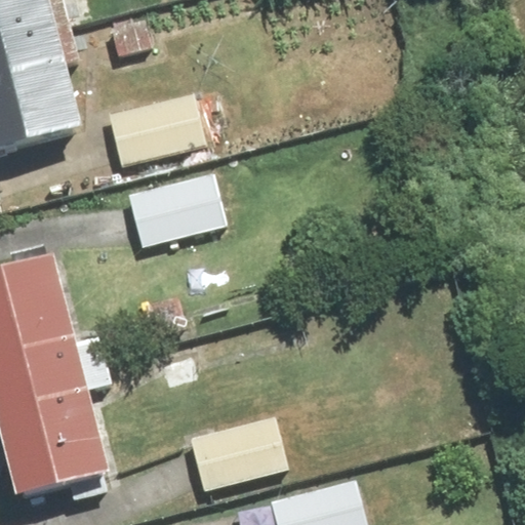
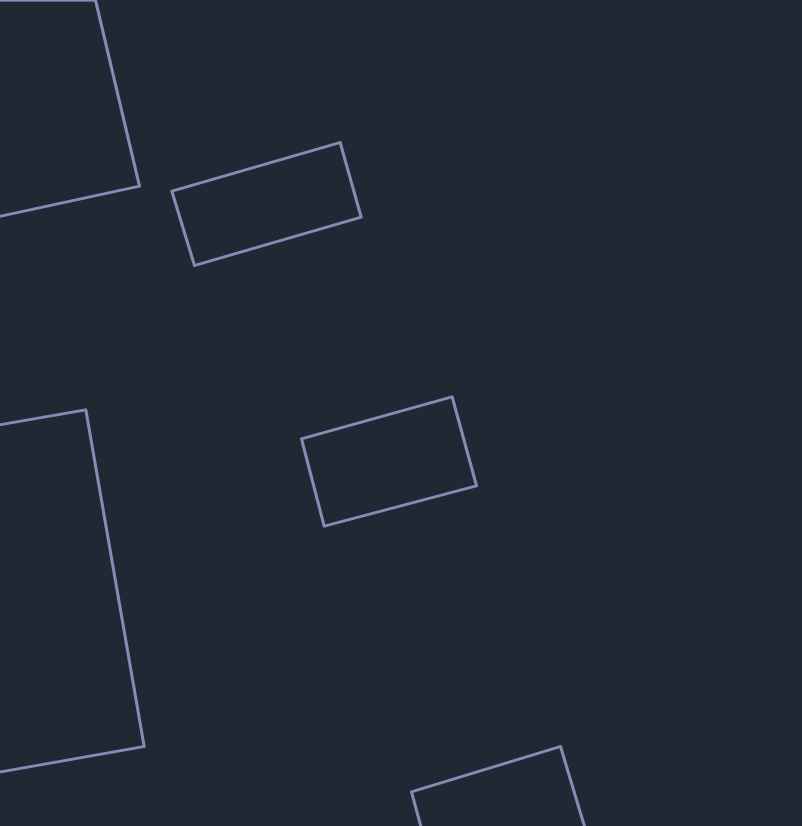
building: [120,164,231,246] -> [301,397,476,526]
building: [179,421,299,501] -> none

